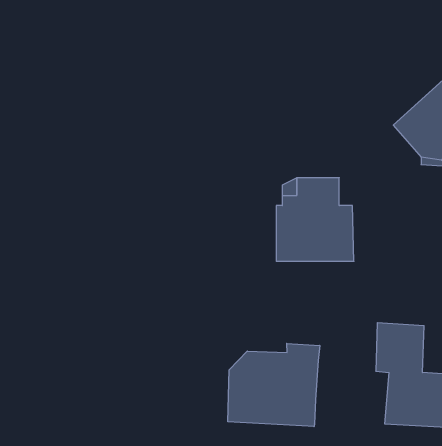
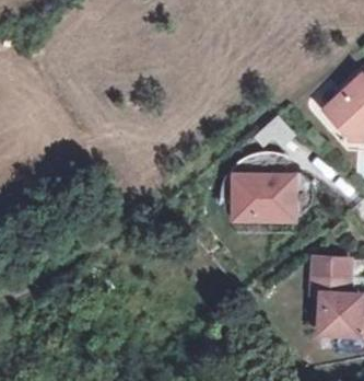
building: [228,343,320,427] -> none

